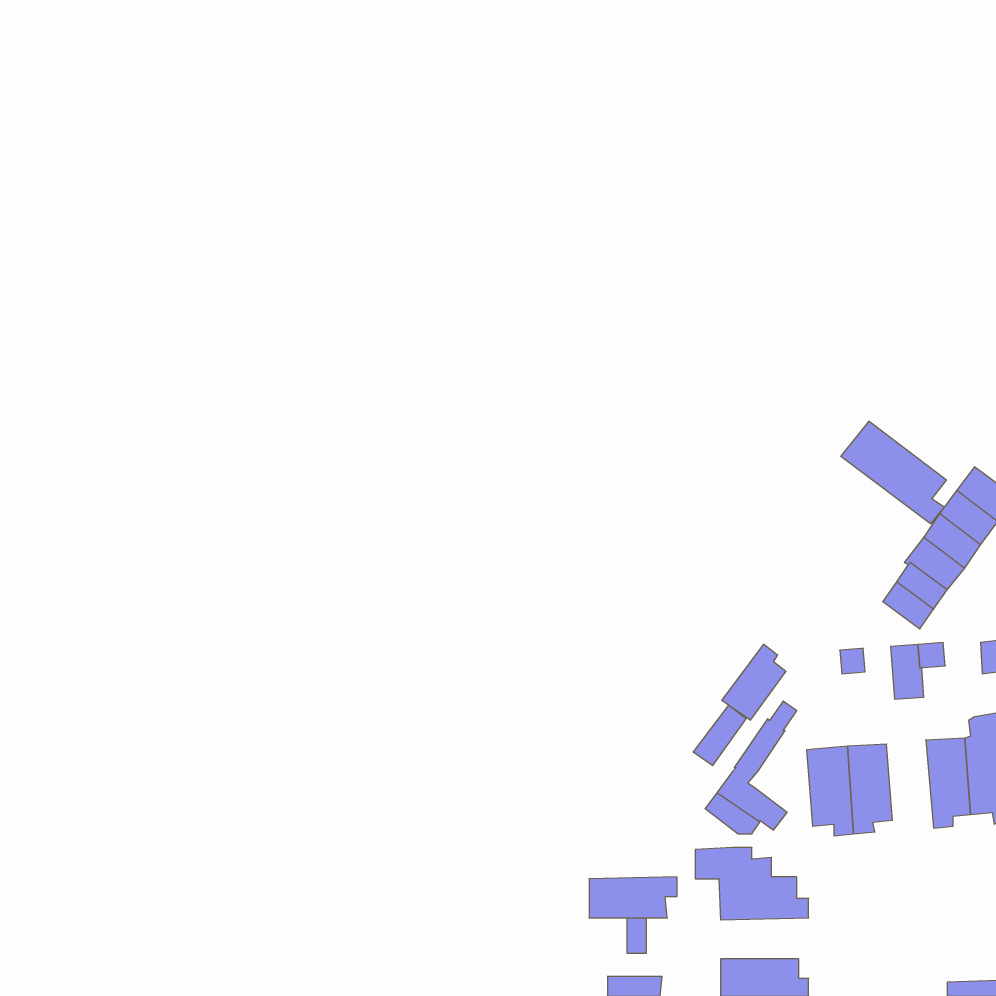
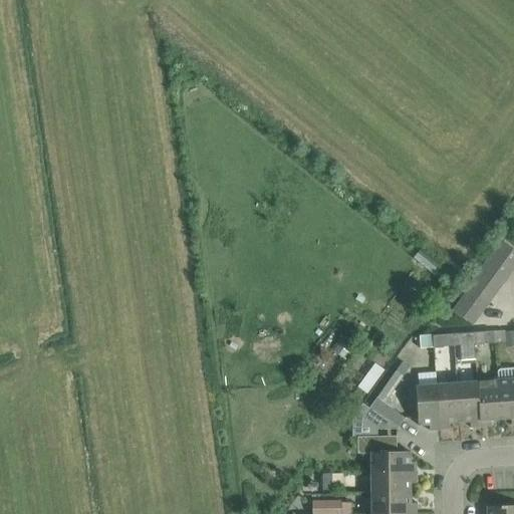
building: [841,421,946,524] -> none
building: [722,644,786,720] -> none
building: none -> [457,380,481,427]
building: [589,877,677,918] -> [371,472,417,493]

